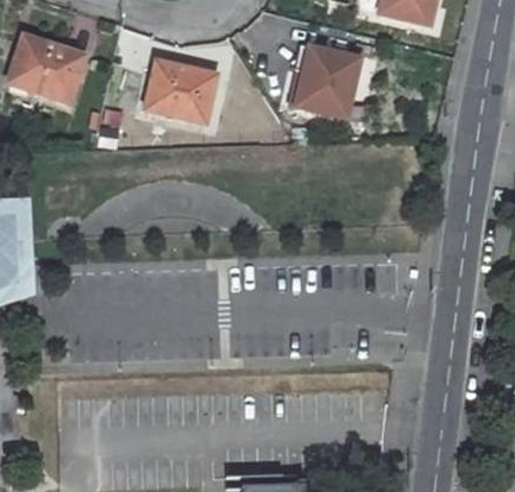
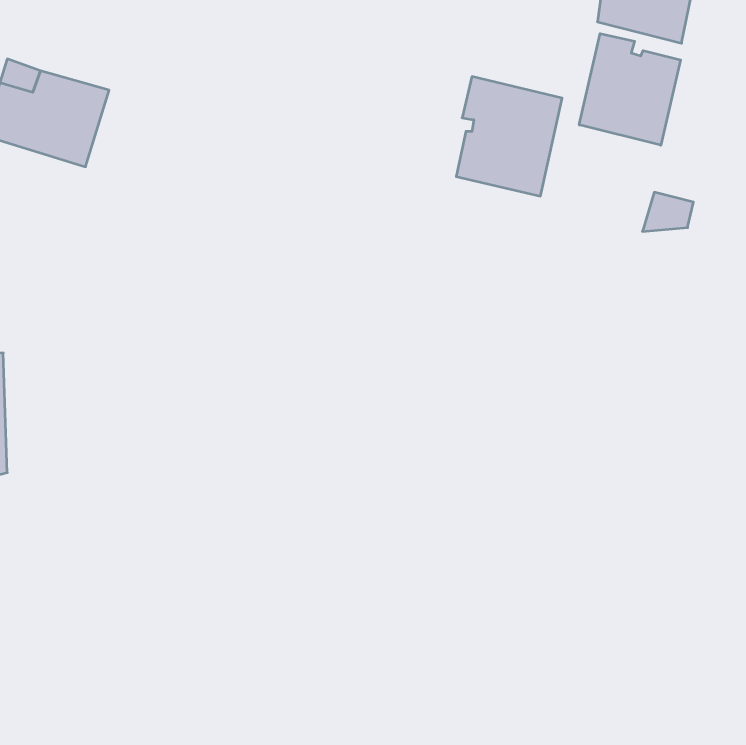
building: none -> [579,34,681,145]
building: [145,64,222,126] -> none

